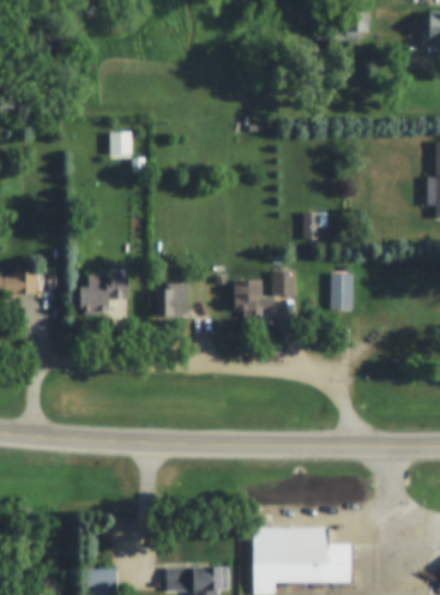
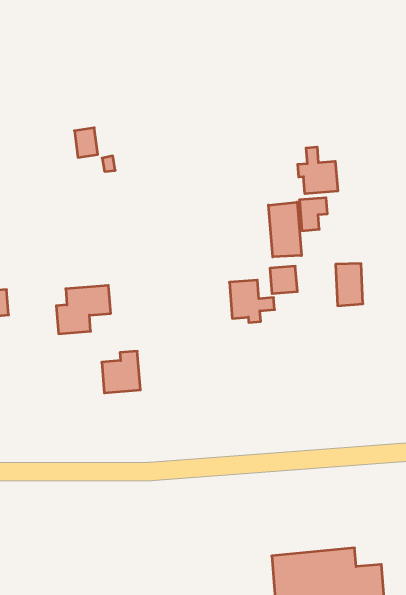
building: none -> [298,147,338,194]
building: none -> [268,202,301,257]
building: [156,283,188,318] -> [102,351,140,393]

